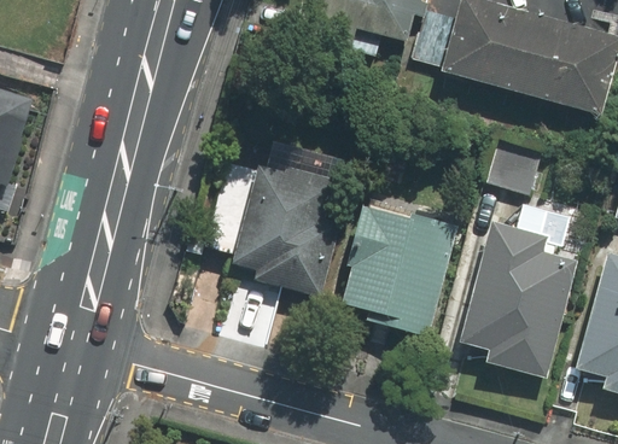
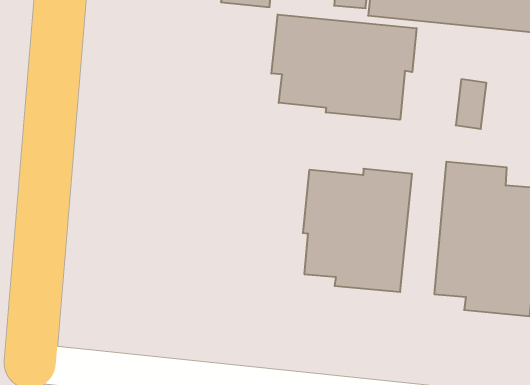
building: none -> [271,14,416,120]
building: [232,164,338,296] -> none

